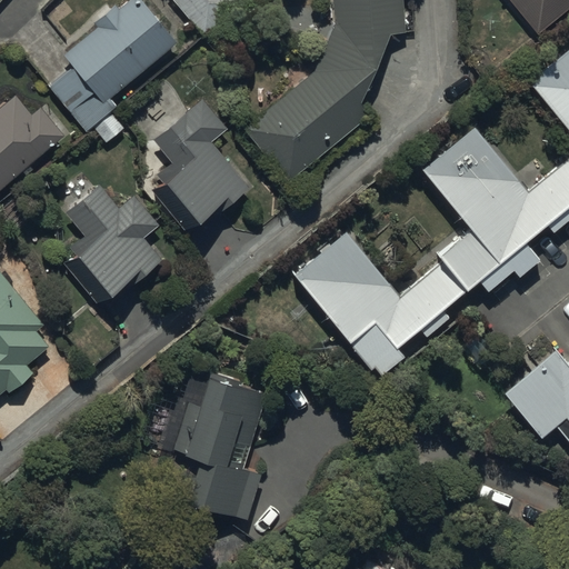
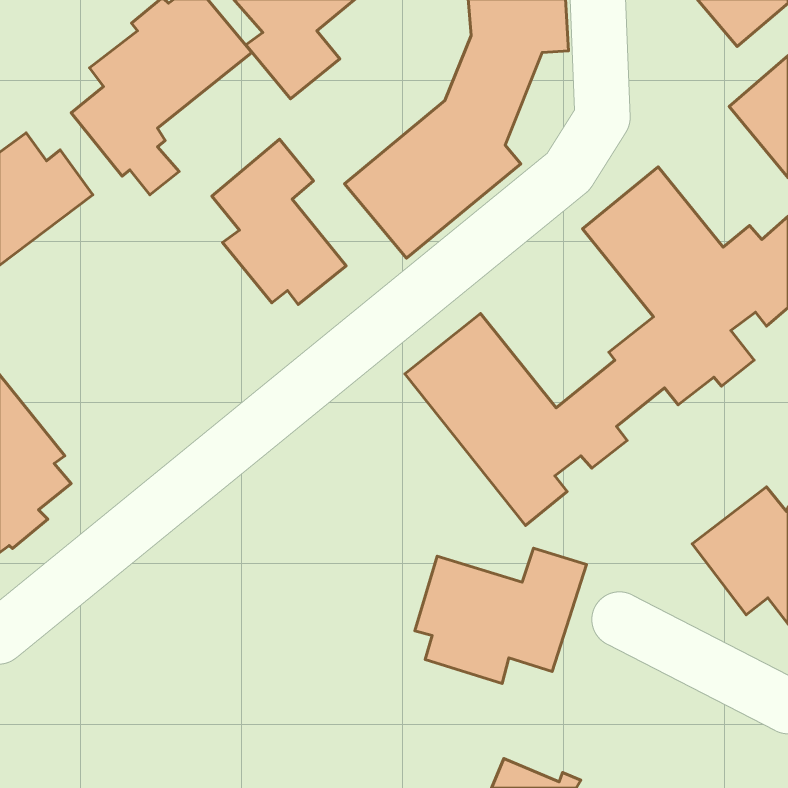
building: [59,187,167,303] -> none
building: [154,369,267,519] -> none
building: none -> [415,548,587,684]

